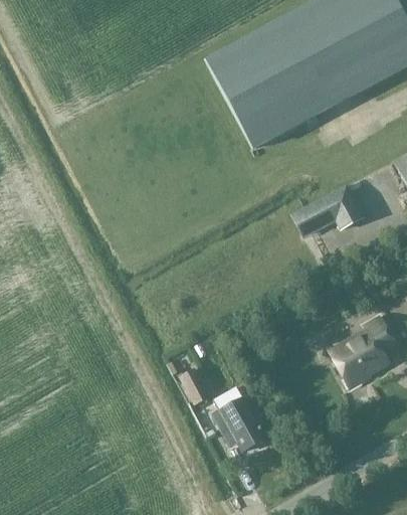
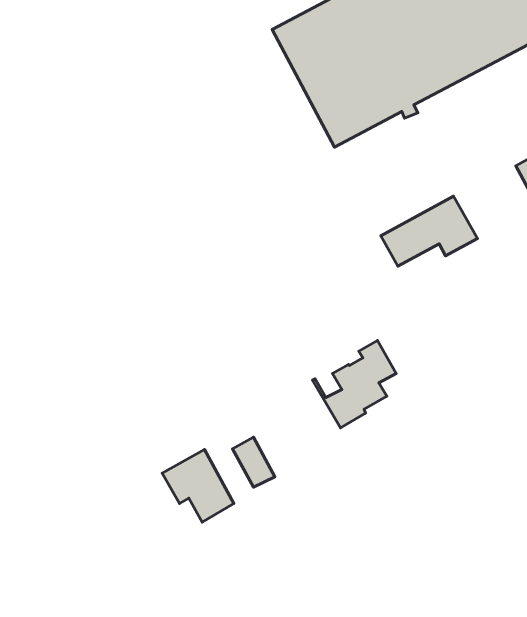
building: [330,318,393,384] -> [313,341,396,428]
building: [212,396,266,452] -> [162,449,234,522]

